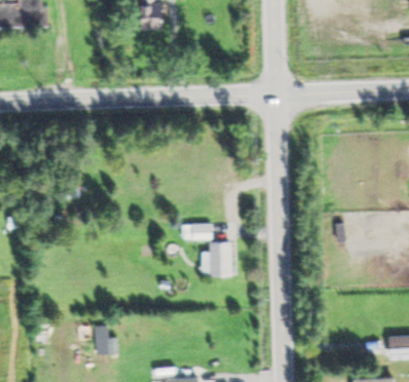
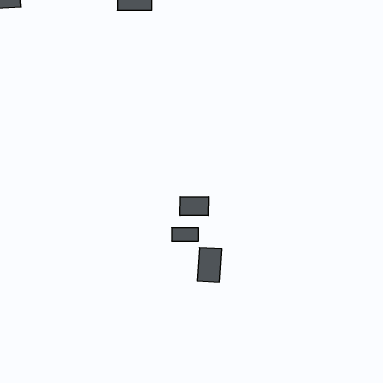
building: none -> [180,197,209,216]
building: [97,329,117,354] -> none

